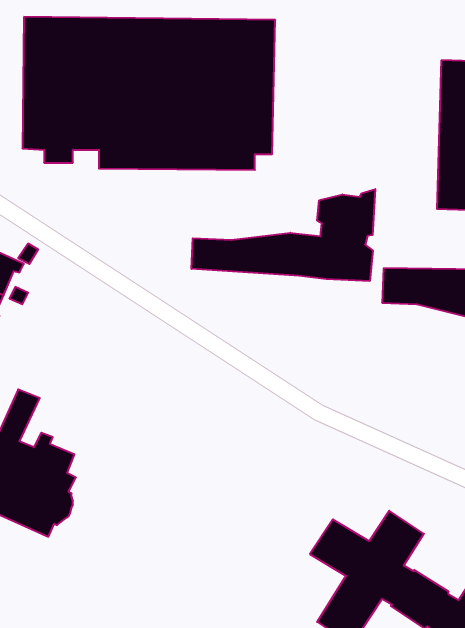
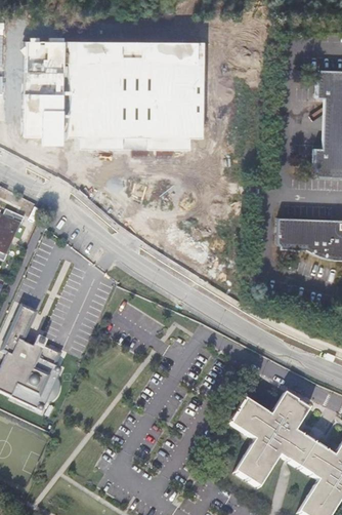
building: [191,189,375,281] -> none

